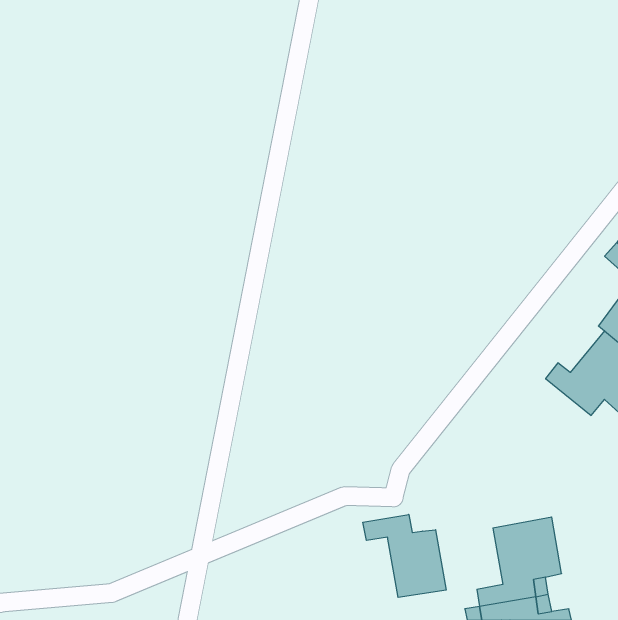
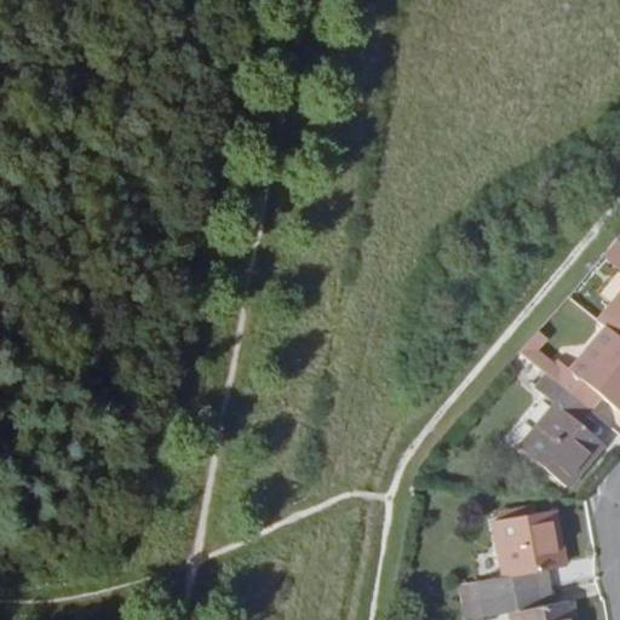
building: none -> [522,374,603,486]
building: [363,514,446,597] -> none

